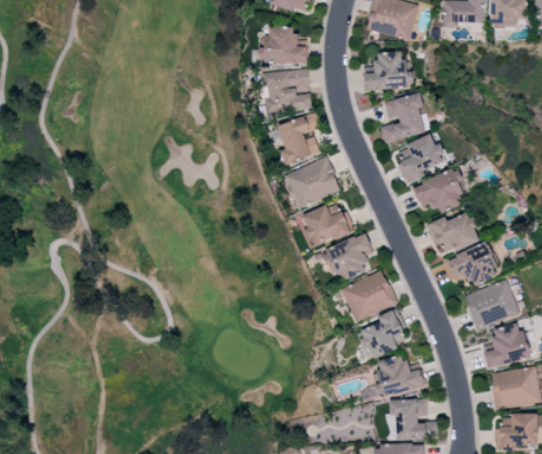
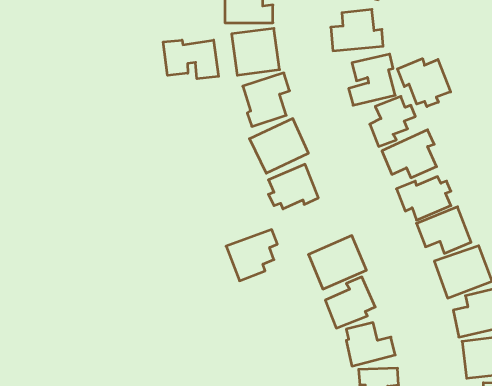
building: none -> [163,40,219,79]
building: none -> [397,59,451,107]
building: [321,233,371,283] -> [226,230,277,281]

